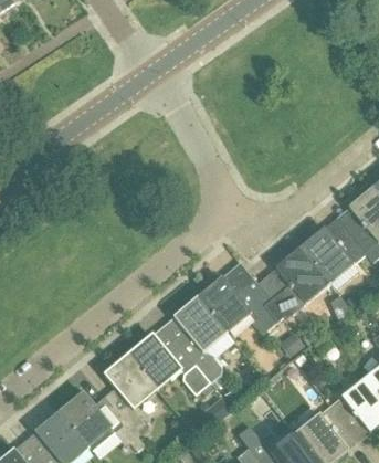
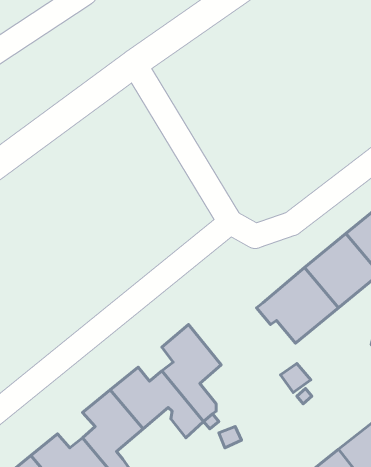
building: [197,267,275,333] -> none

